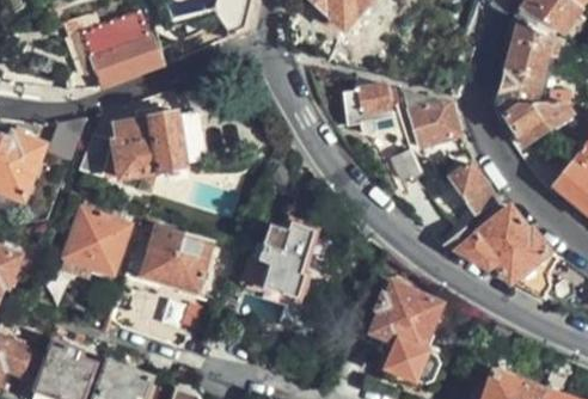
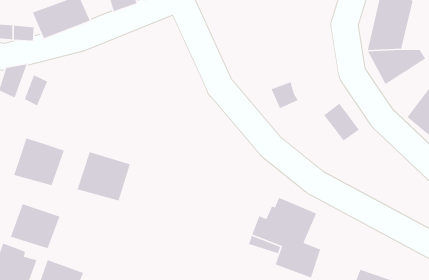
building: [331,75,394,127] -> none
building: [402,91,460,147] -> none
building: [112,112,184,179] -> none
building: [441,209,547,281] -> none
building: [243,221,313,296] -> none
building: none -> [10,203,60,249]

